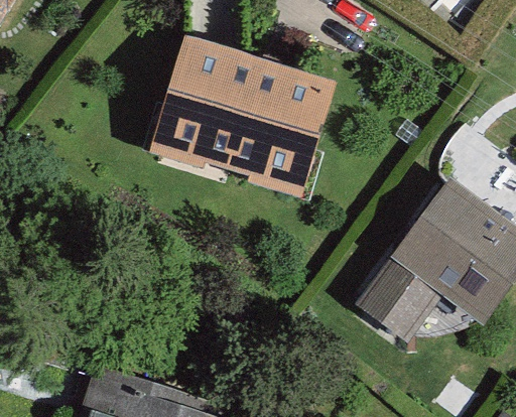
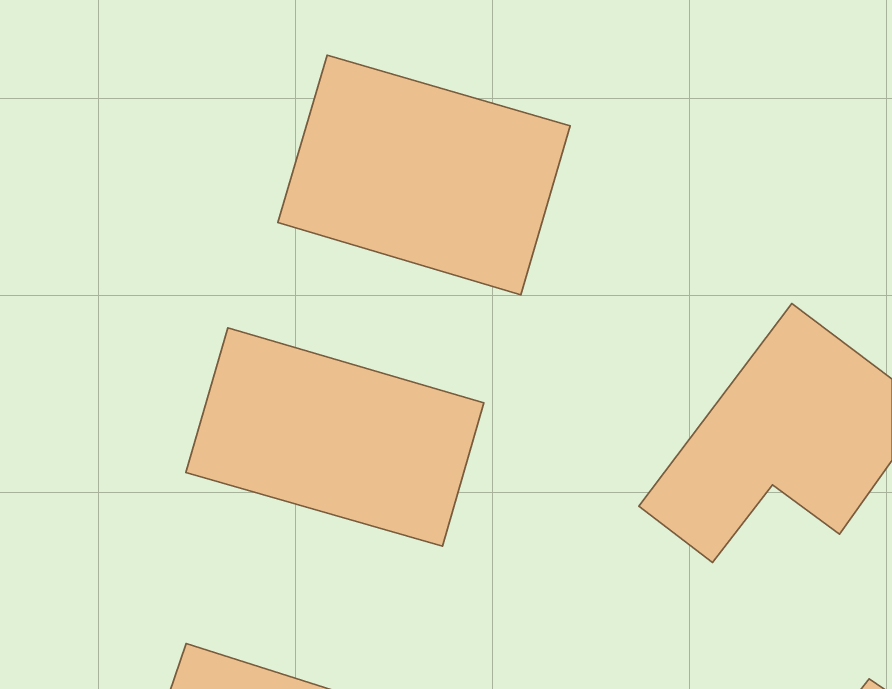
building: none -> [186,328,484,546]

